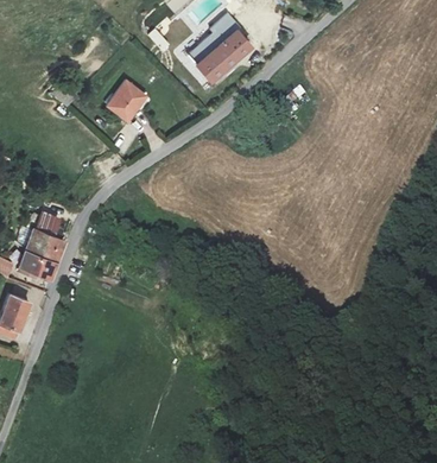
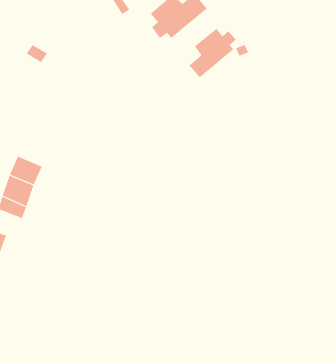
building: none -> [189,28,237,78]
building: [108,80,147,120] -> none

